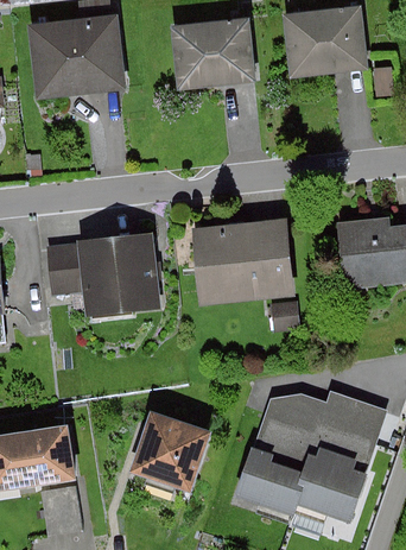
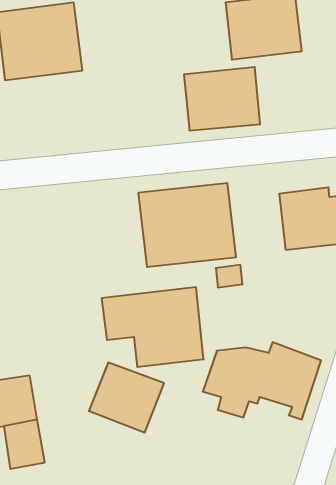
building: [172,18,256,88] -> [184,67,260,130]
building: [45,232,158,320] -> [102,287,204,367]
building: [240,443,366,529] -> none

